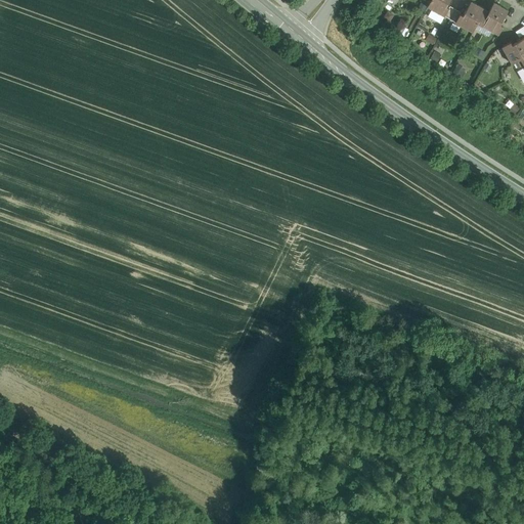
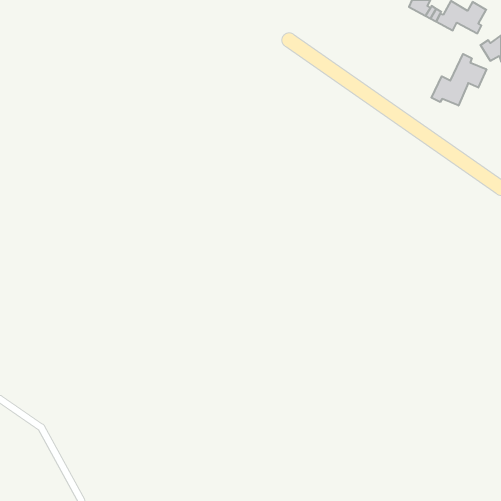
building: none -> [431,54,486,106]

